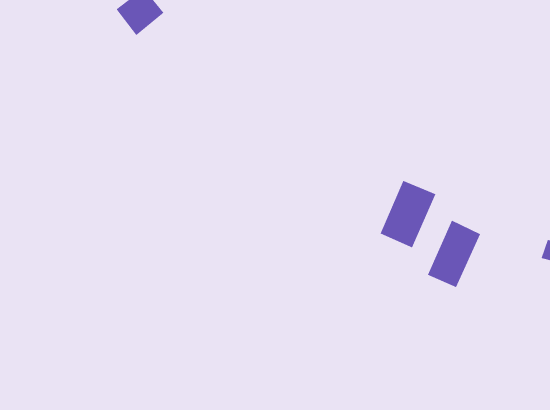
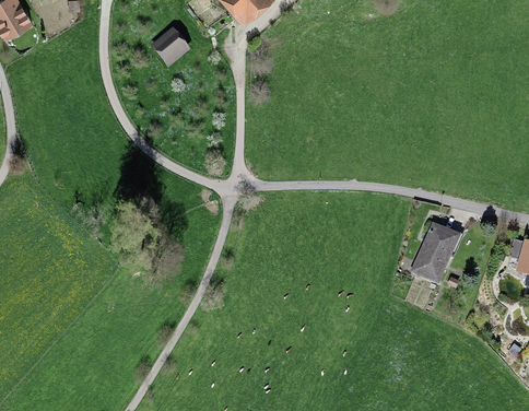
building: [380,180,437,249] -> none

